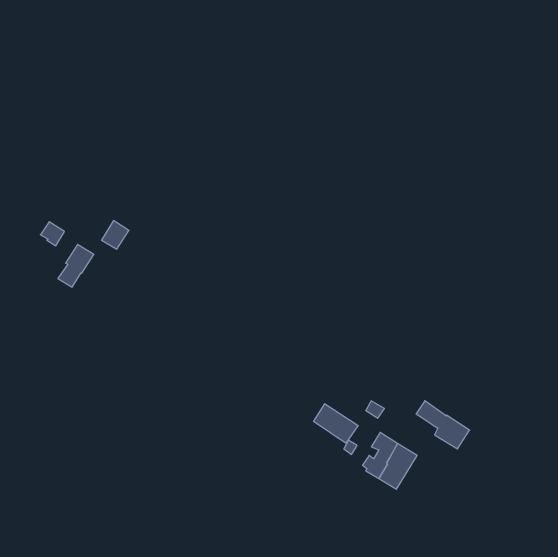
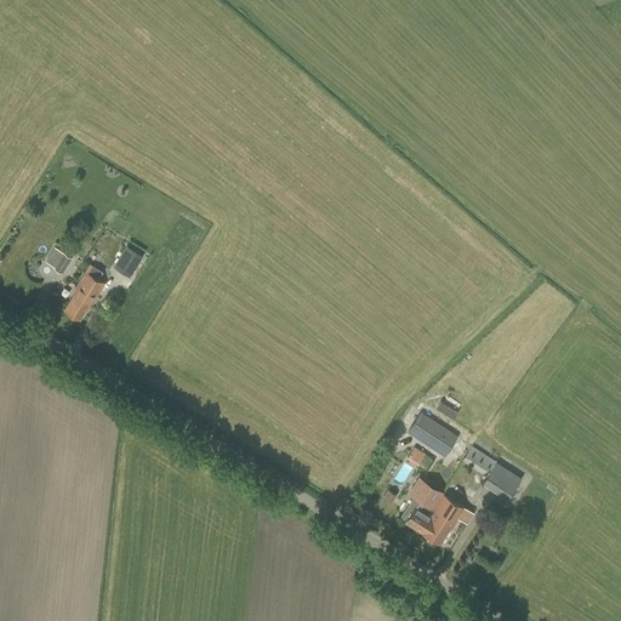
building: [314,404,358,443] -> [408,414,457,457]

